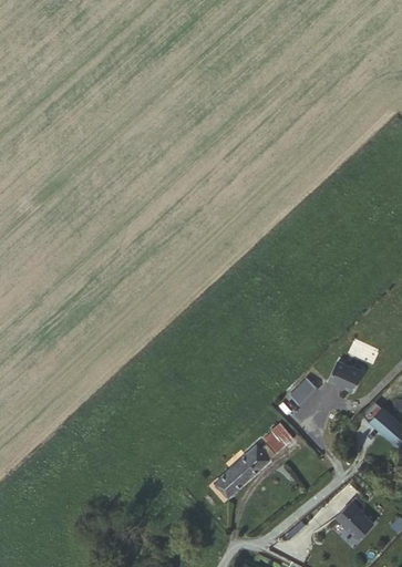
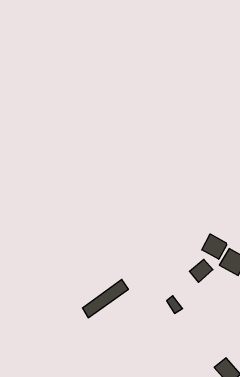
building: none -> [202,234,227,259]
building: [215,443,274,498] -> [82,279,128,318]

